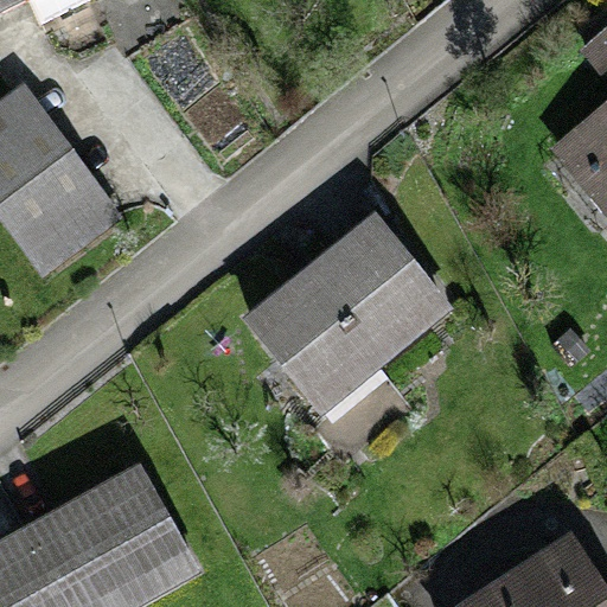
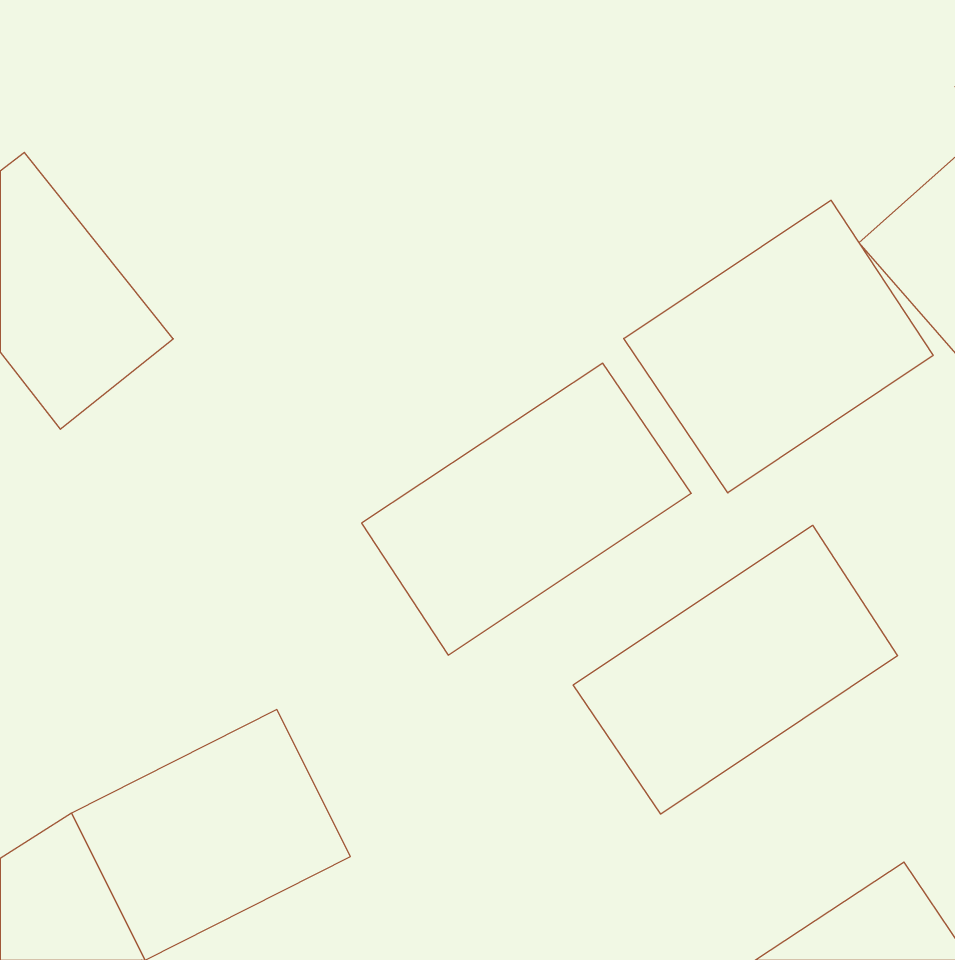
building: none -> [624,200,933,493]
building: none -> [573,525,898,814]

